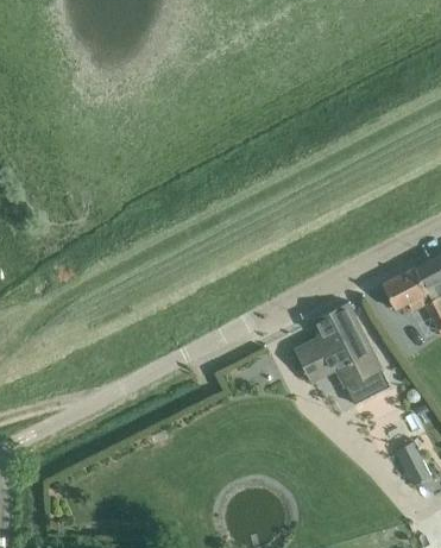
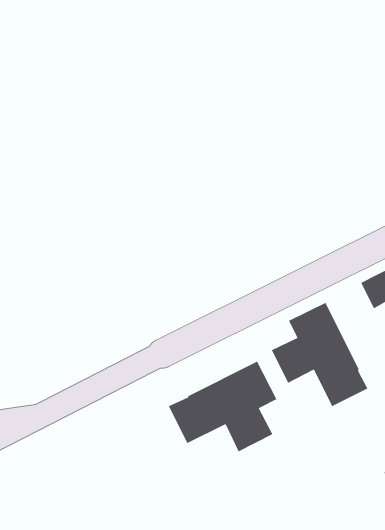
building: none -> [168,360,278,452]

